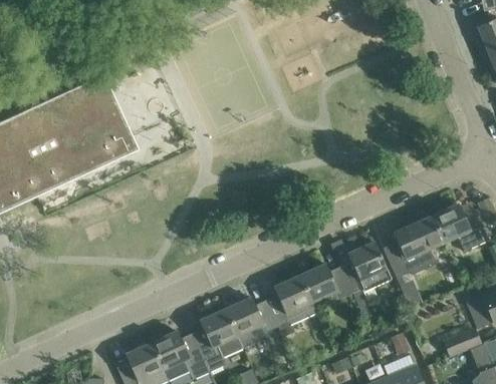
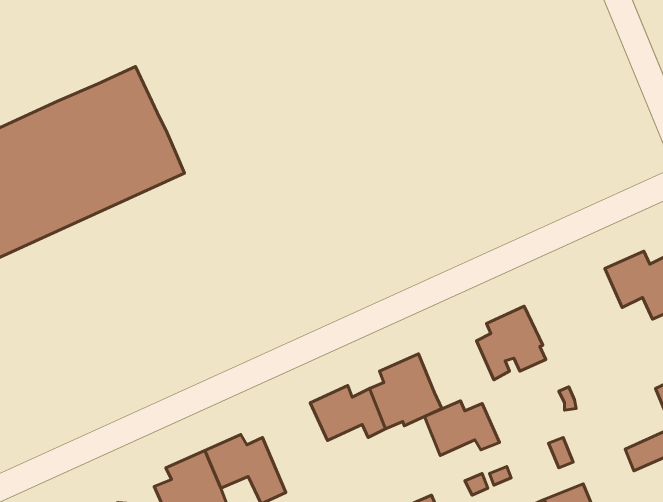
building: [383,216,442,280] -> none
building: [300,264,352,302] -> [424,401,500,456]
building: [192,309,242,371] -> none

